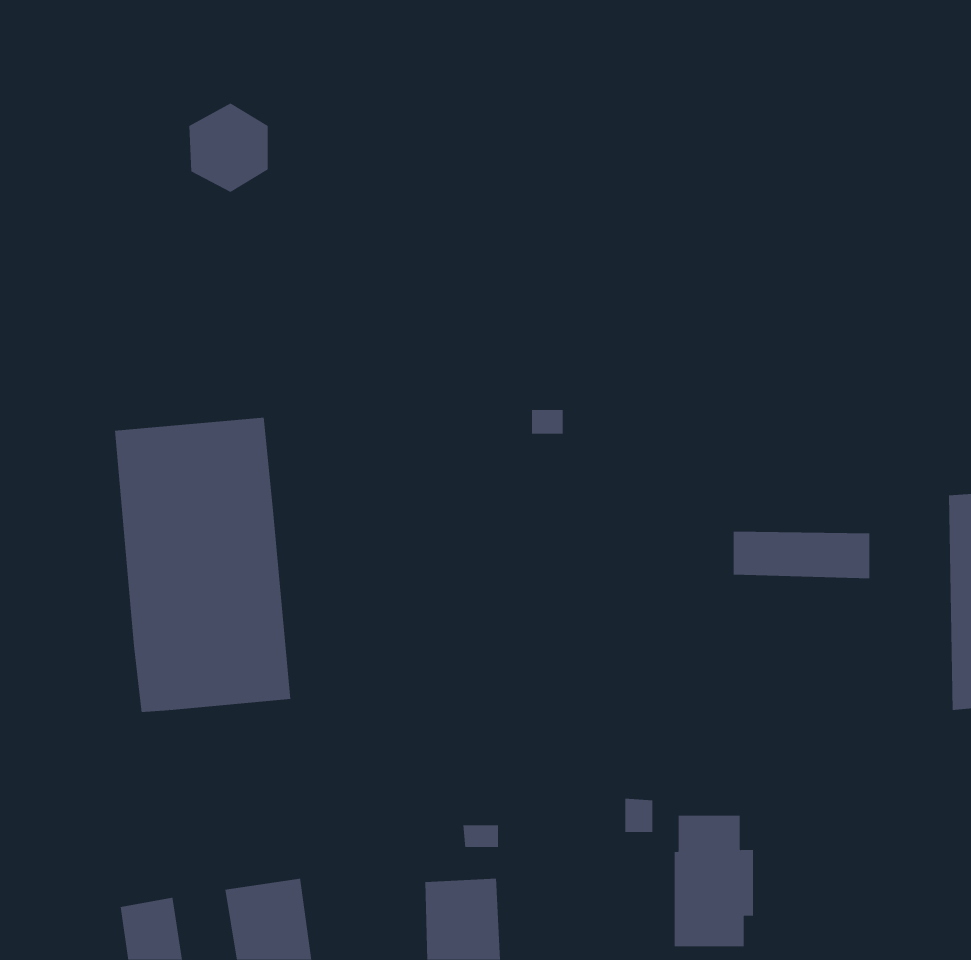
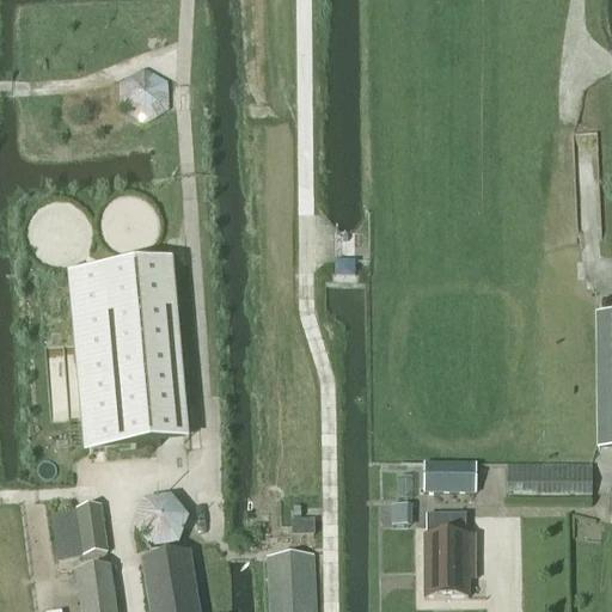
building: [733,531,870,579] -> [507,461,593,491]
building: none -> [423,461,477,489]
building: none -> [133,492,189,546]
building: none -> [51,502,109,556]

